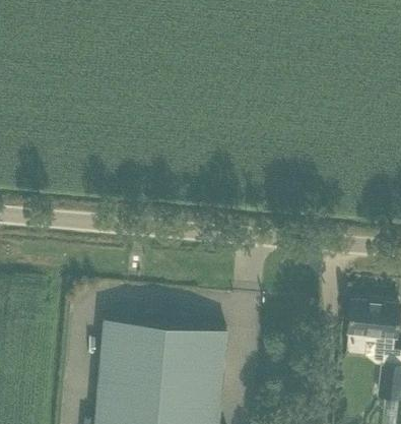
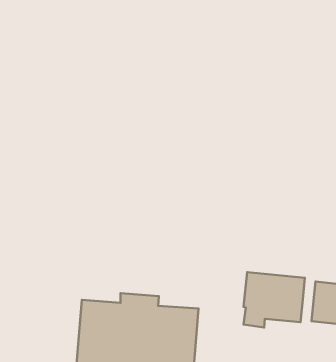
building: none -> [243,272,305,327]

